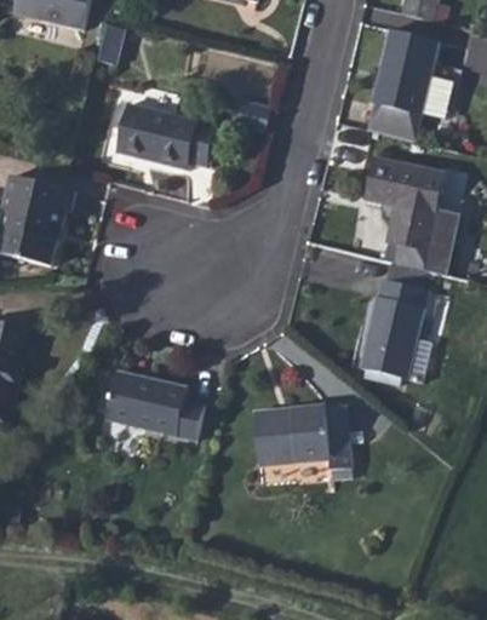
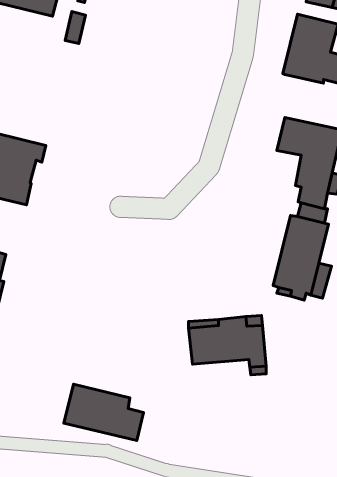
building: [116,103,217,170] -> none
building: [367,103,422,140] -> none
building: [104,369,204,440] -> [64,384,144,441]

